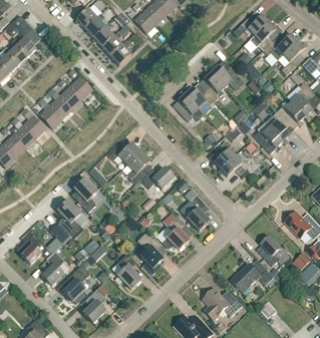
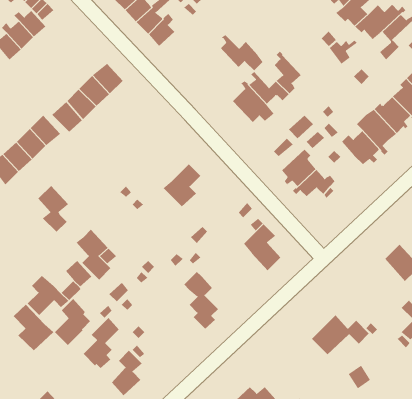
building: [210,61,243,88] -> [219,35,264,71]
building: [108,141,140,163] -> none
building: [140,165,174,188] -> none
building: [74,177,97,212] -> [38,185,69,233]
building: [162,215,189,249] -> none
building: [262,236,291,265] -> none
building: [117,253,140,288] -> none
building: none -> [13,304,54,351]
building: [203,287,242,319] -> none

